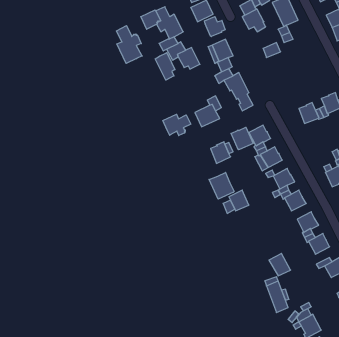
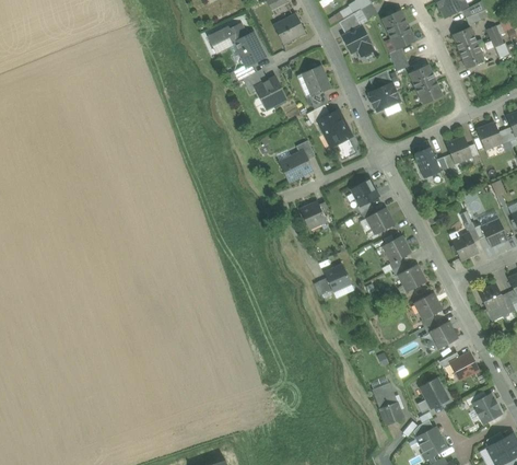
building: [204,17,225,37] -> none
building: [117,26,142,63] -> none
building: none -> [409,63,443,104]
building: none -> [369,82,400,111]
building: [155,53,175,80] -> none
building: [163,114,191,136] -> none
building: [231,127,253,150] -> none
building: [209,172,234,199] -> none
building: [269,253,291,276] -> [420,377,448,407]

